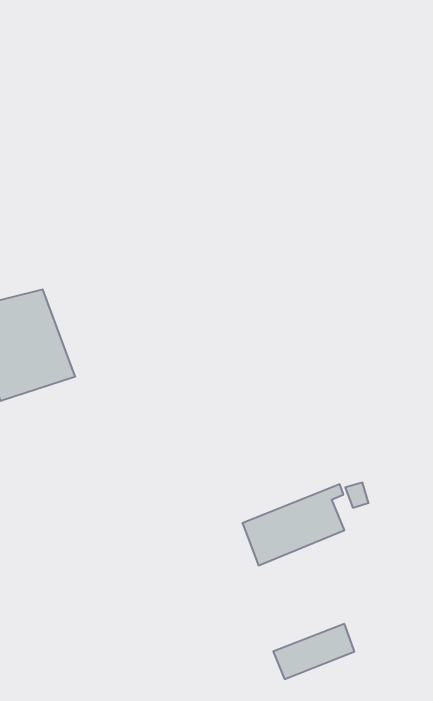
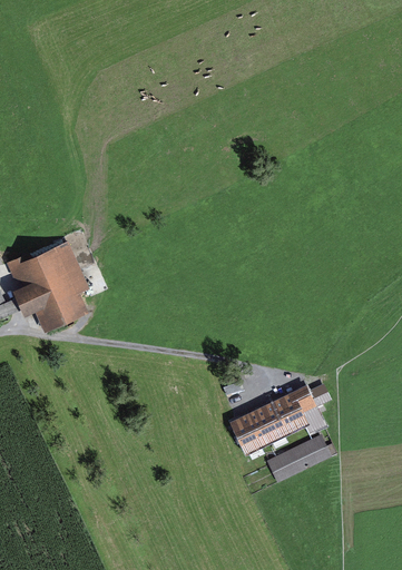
building: [273,624,354,679] -> [267,434,331,480]

